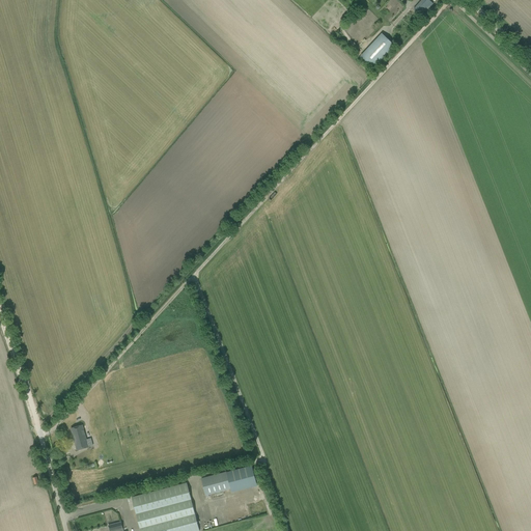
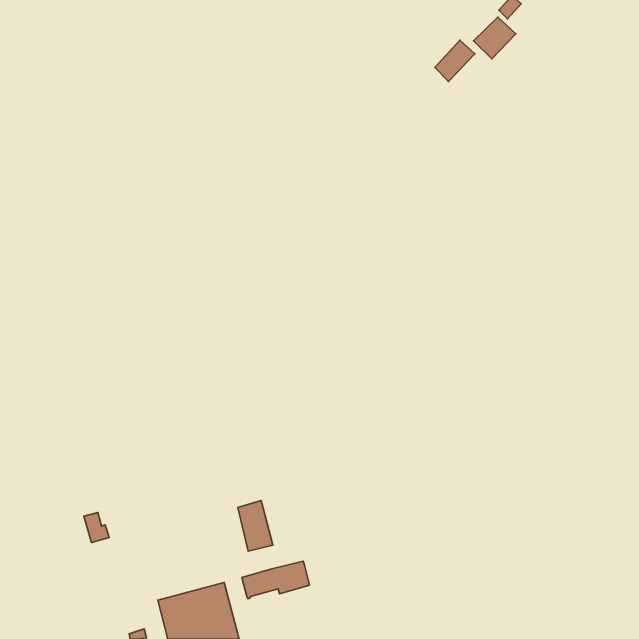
building: none -> [474,17,516,59]
building: none -> [238,501,273,551]

